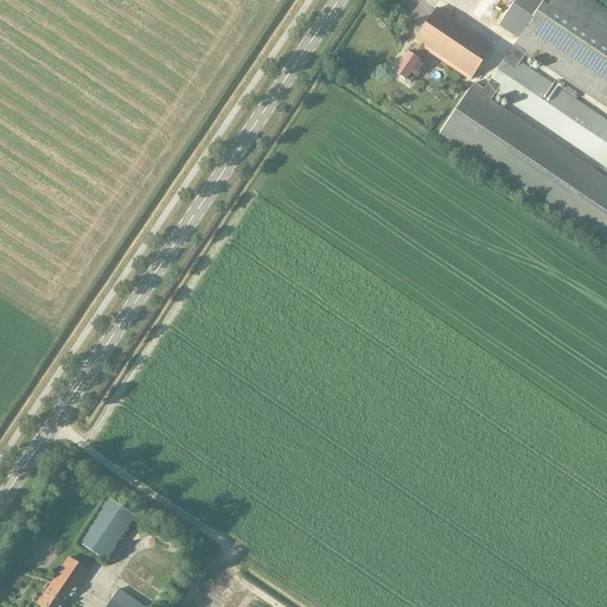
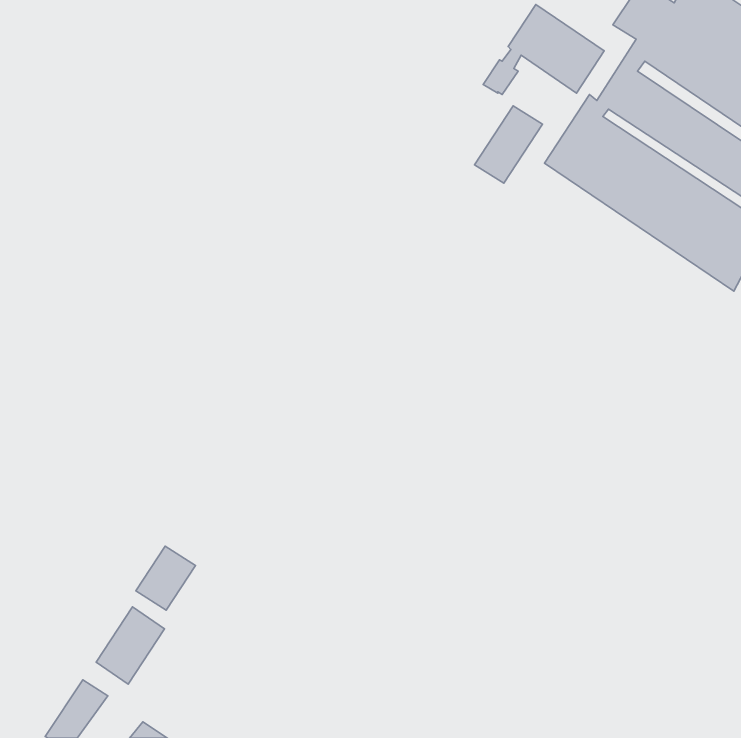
building: none -> [474,106,543,183]
building: none -> [136,546,195,610]

